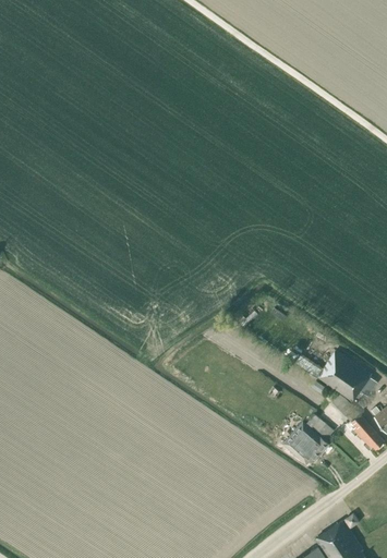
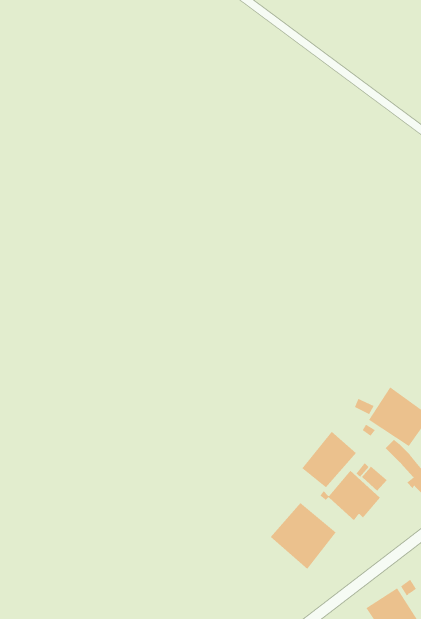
building: none -> [301,431,357,488]
building: none -> [270,502,337,570]

